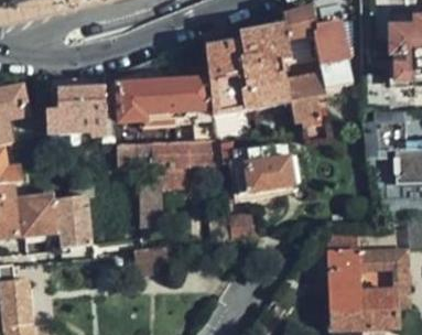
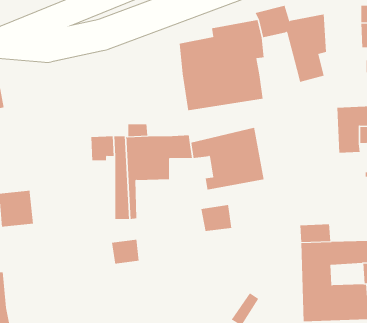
building: [286,74,326,123] -> none
building: [117,78,215,141] -> none
building: [46,87,113,137] -> none
building: [54,195,93,246] -> none

